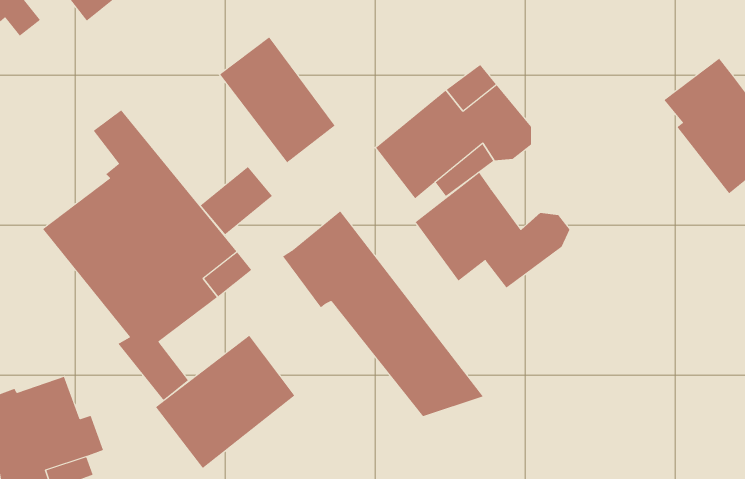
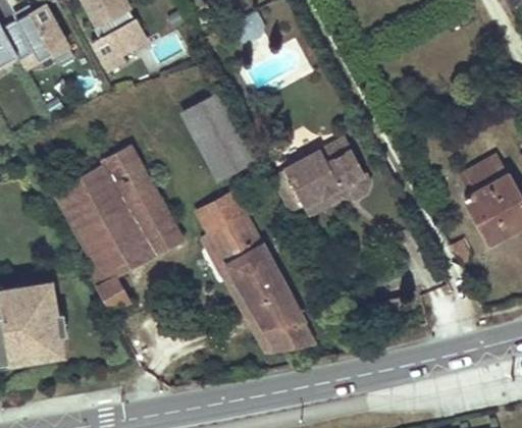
building: [200,166,273,235] -> [197,191,244,231]
building: [415,172,570,289] -> none
building: [155,335,295,469] -> none

